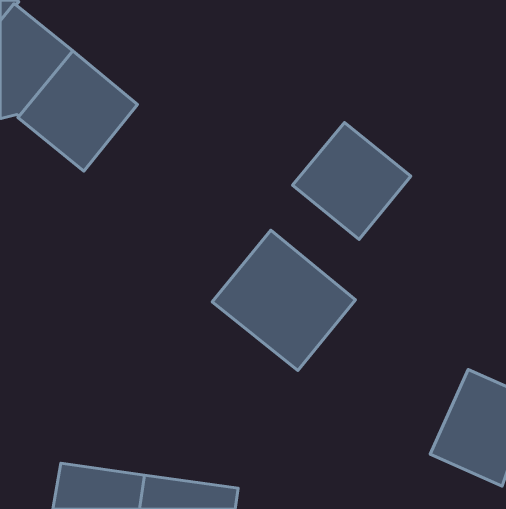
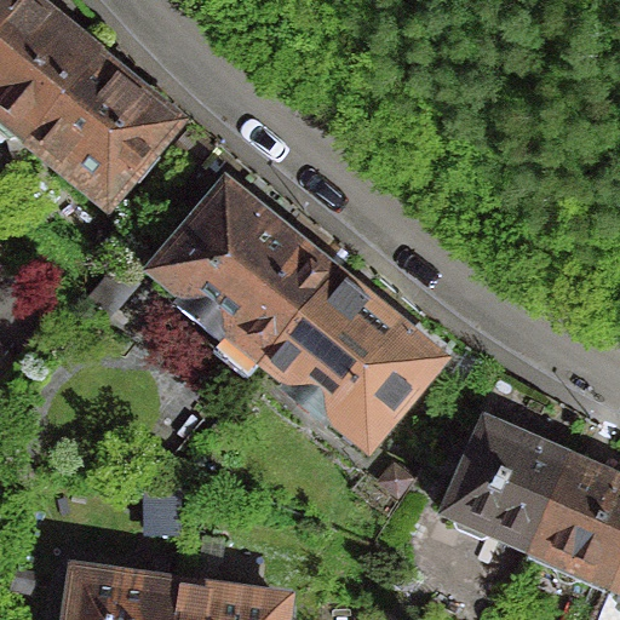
building: [293,123,411,240] -> none
building: none -> [153,193,333,367]
building: none -> [441,411,573,552]

